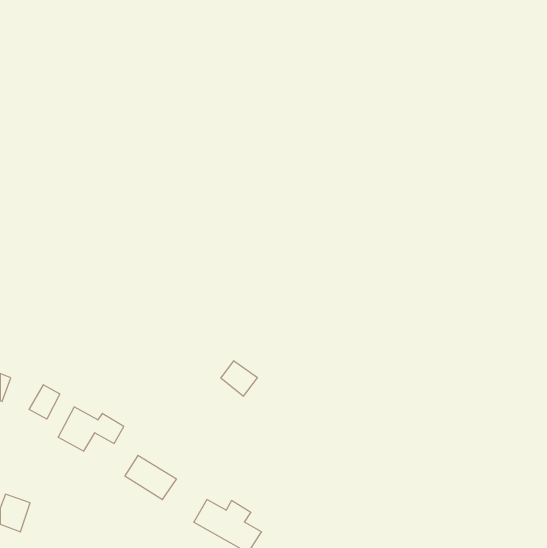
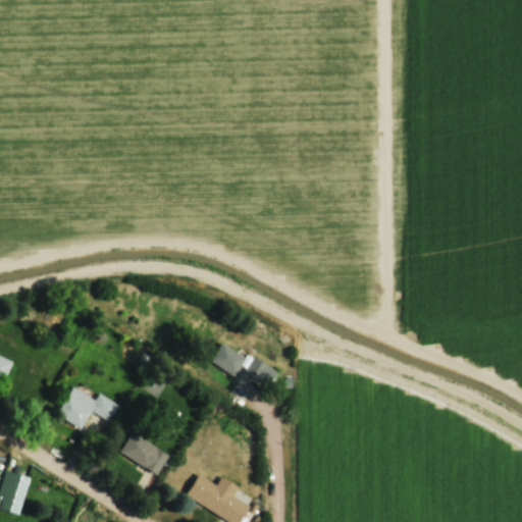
building: none -> [247,358,276,384]
building: [29,385,60,419] -> none

